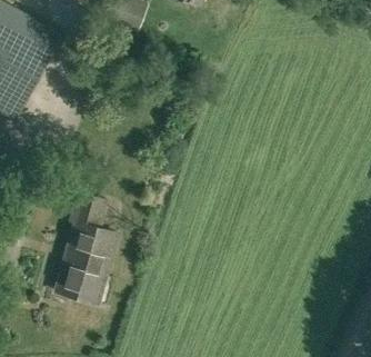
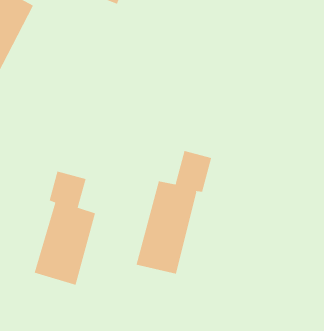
building: none -> [136,150,212,275]

